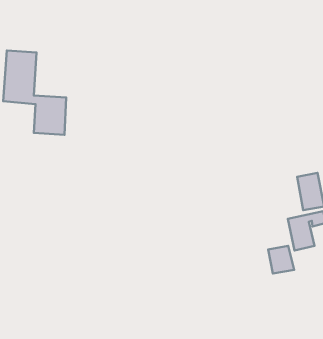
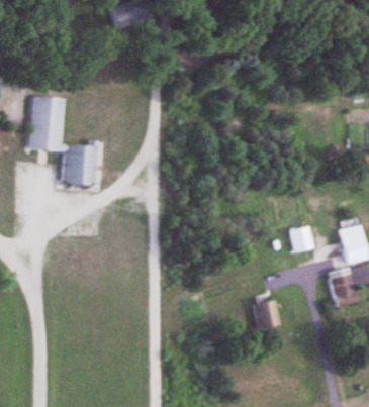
building: none -> [291,227,312,251]
building: [268,246,294,274] -> [253,300,280,329]

